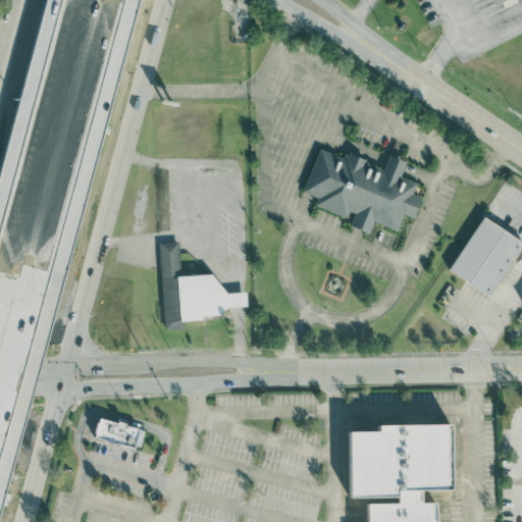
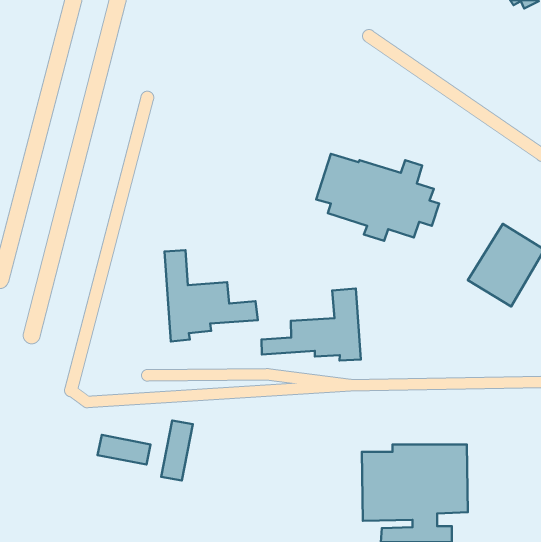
building: none -> [262,288,361,360]
building: none -> [161,421,193,480]

